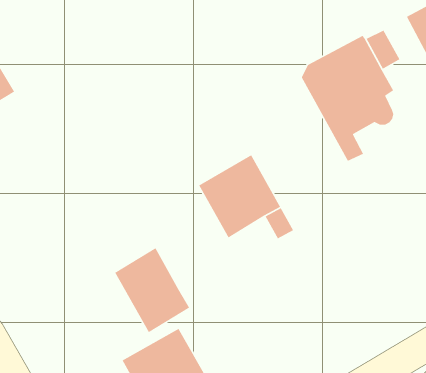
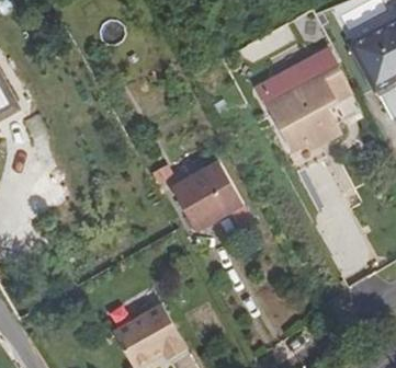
building: [114,247,190,333] -> none

